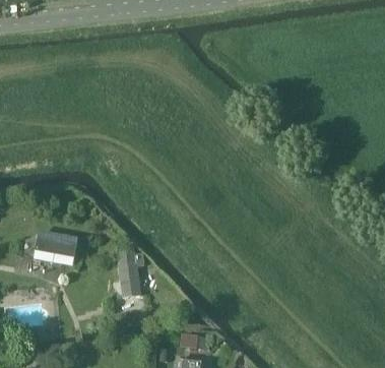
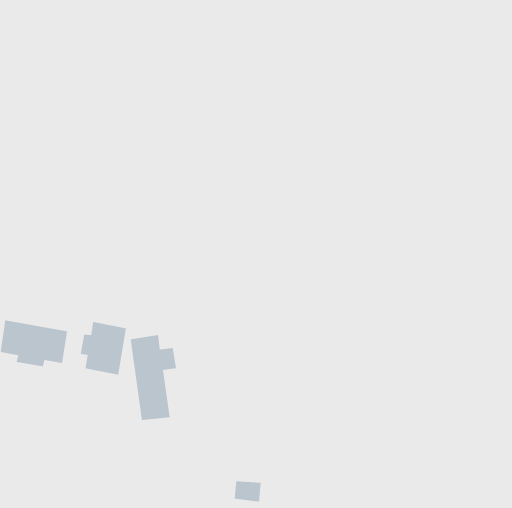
building: none -> [80,321,127,376]

